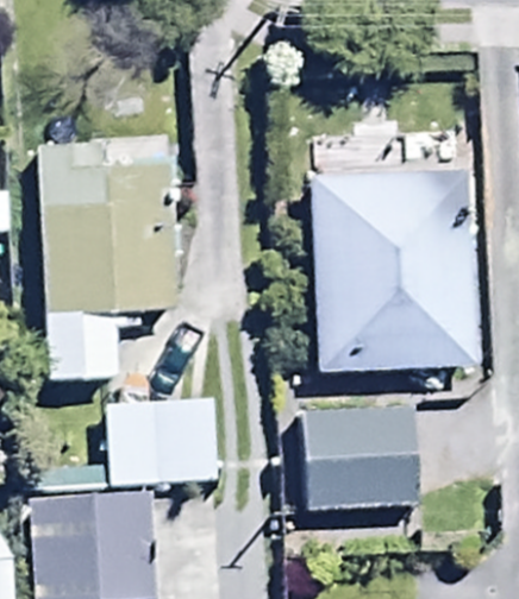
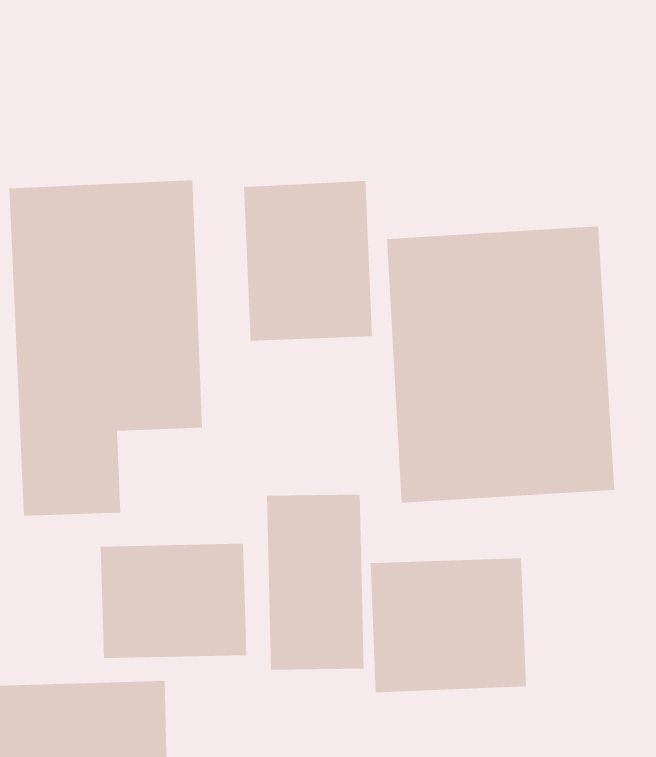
building: none -> [243,180,373,341]
building: none -> [266,494,365,670]

